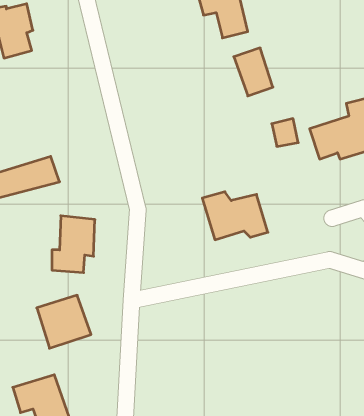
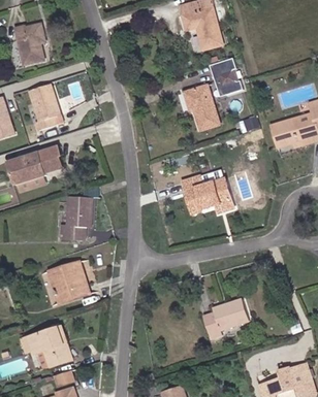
building: none -> [28,82,65,131]
building: none -> [184,84,222,132]
building: none -> [202,297,250,337]

